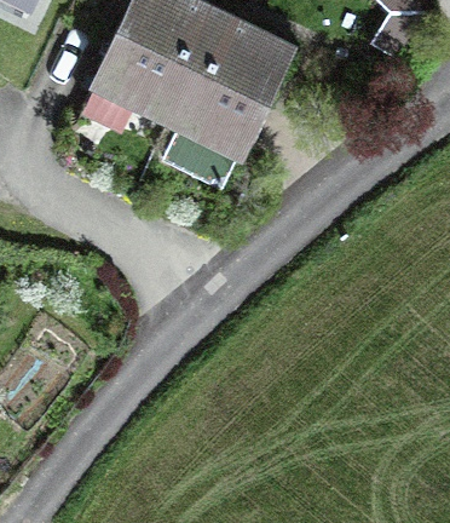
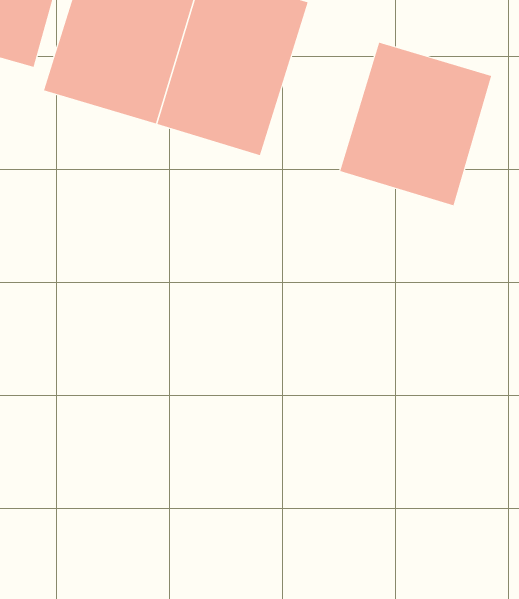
building: none -> [340,42,492,206]

